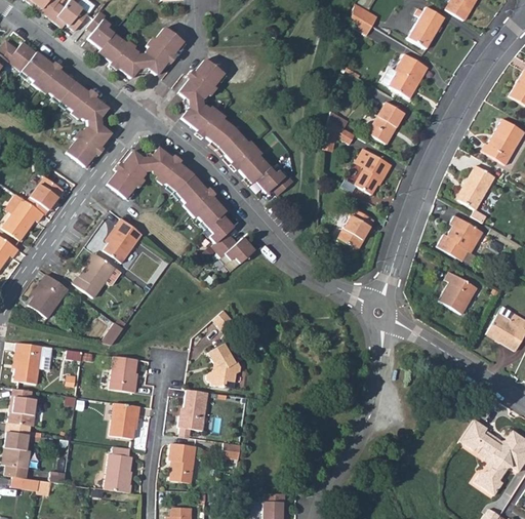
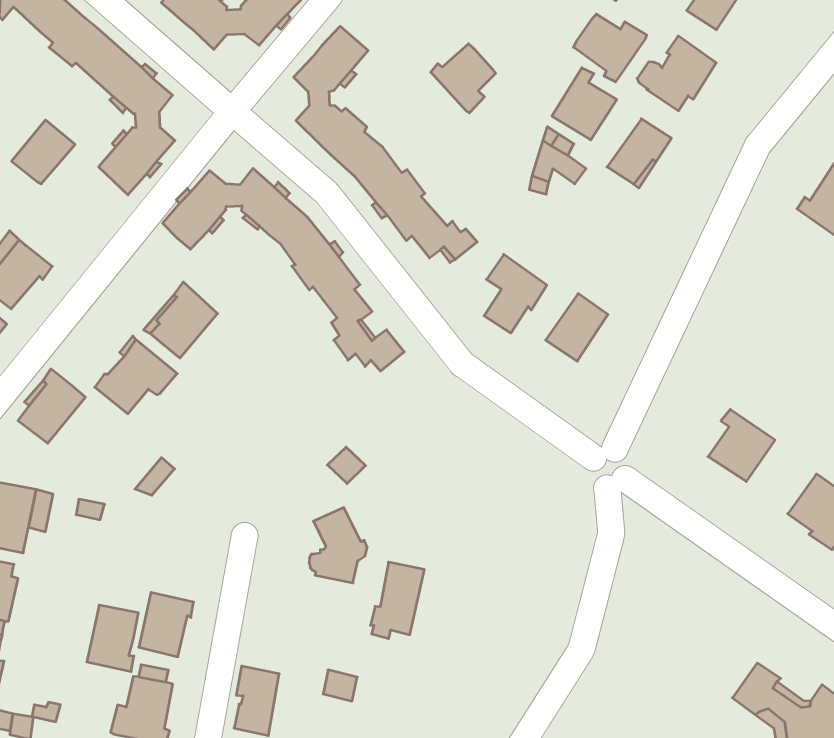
building: none -> [573,14,647,82]
building: none -> [431,44,496,113]
building: none -> [552,68,617,140]
building: [356,149,392,195] -> [484,254,547,333]
building: [458,166,495,210] -> none
building: [28,176,65,214] -> [12,120,75,184]
building: [438,215,485,262] -> none
building: [110,356,138,394] -> [87,605,138,672]
building: [178,390,208,435] -> [370,562,424,639]

